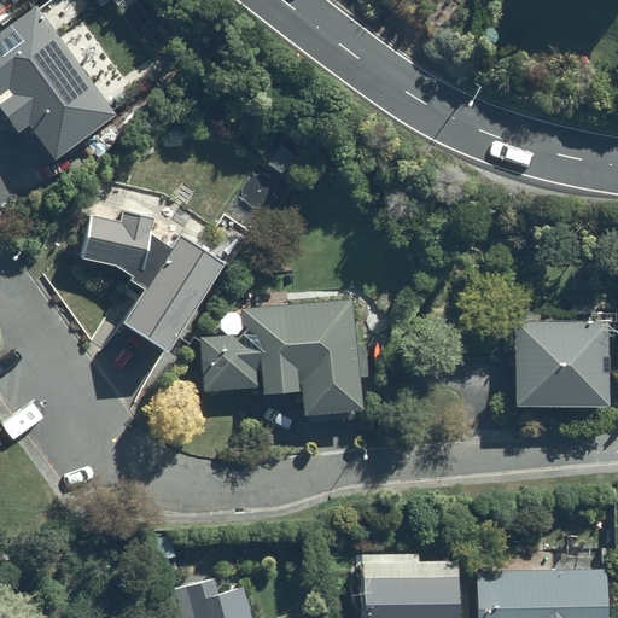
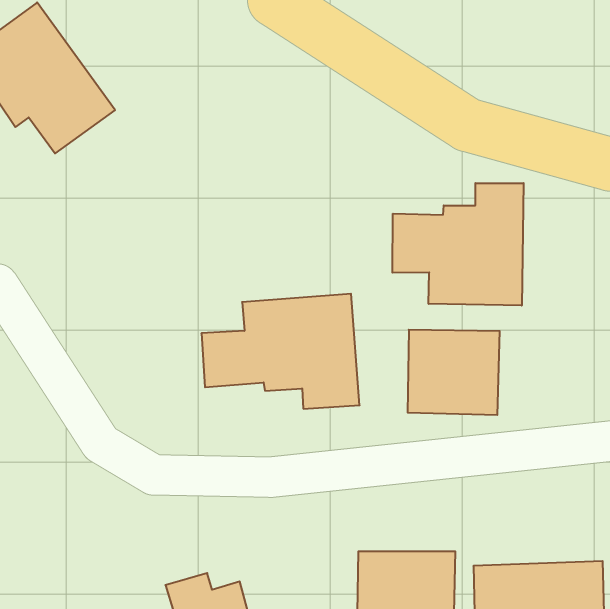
building: none -> [392,183,524,306]
building: [82,210,226,351] -> none
building: [517,325,610,410] -> [408,330,500,415]

